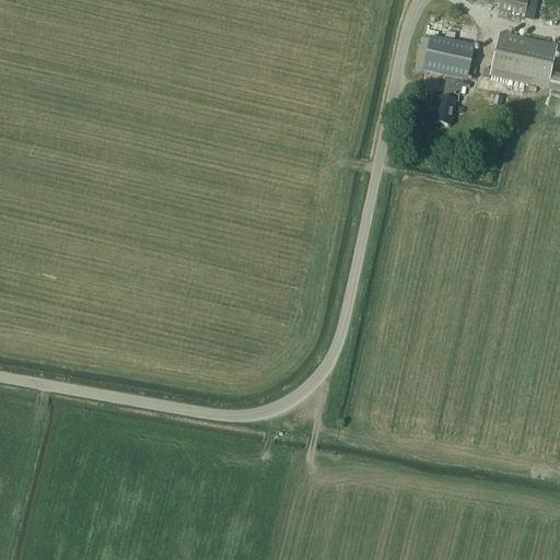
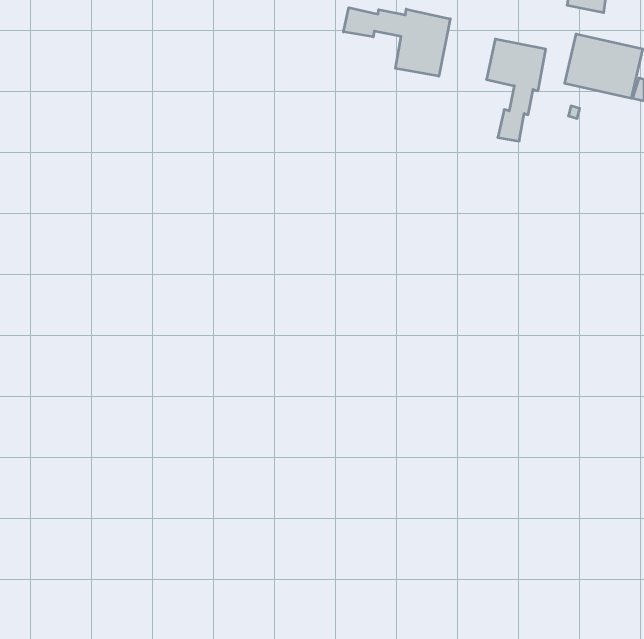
building: none -> [343,8,450,76]

